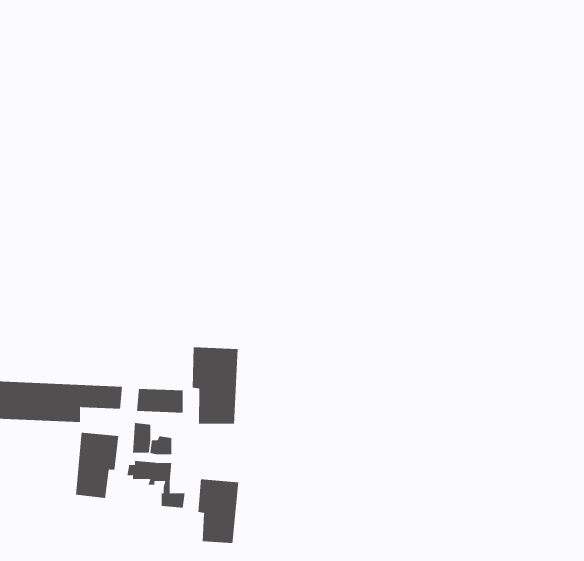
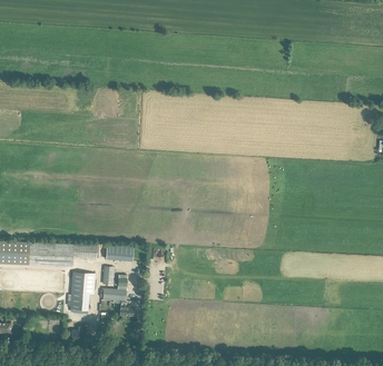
building: [192,347,238,425] -> none
building: [198,478,239,544] -> none

